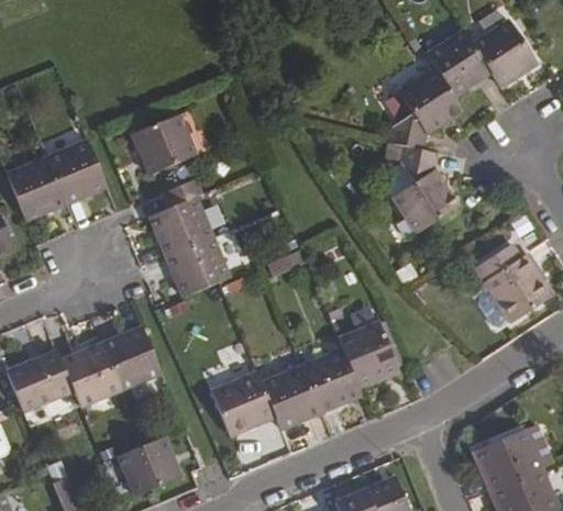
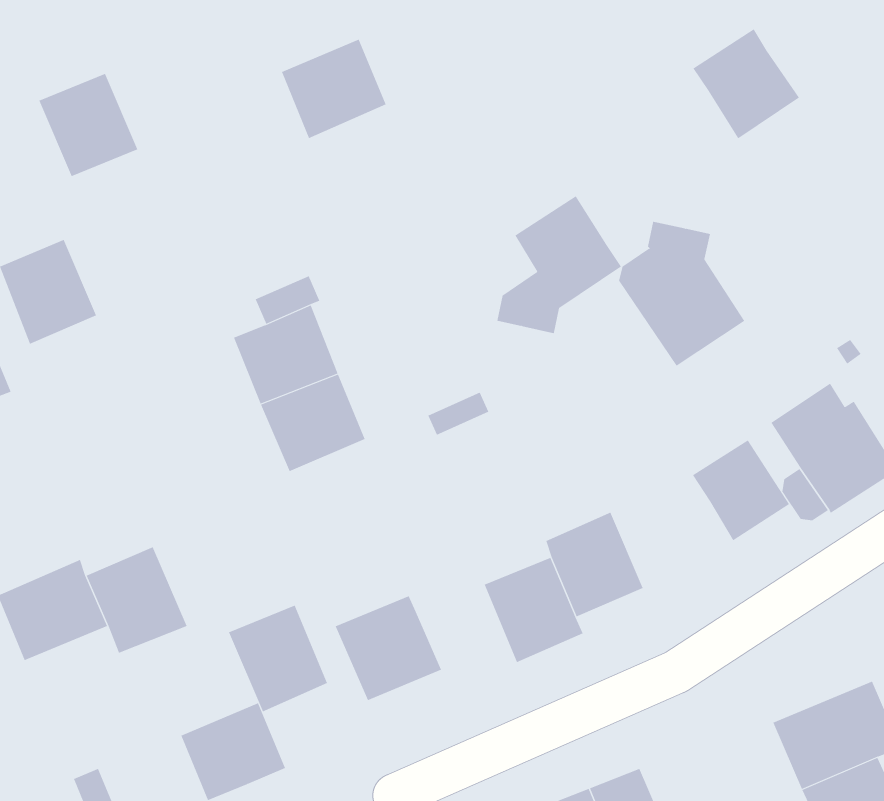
building: [472,18,536,86] -> none
building: [387,66,463,149] -> [496,196,622,334]
building: [132,114,196,175] -> [281,39,386,139]
building: [46,140,107,202] -> [38,73,138,177]
building: none -> [692,440,790,541]
building: [100,325,161,390] -> [228,605,328,712]
building: [260,365,320,429] -> none

